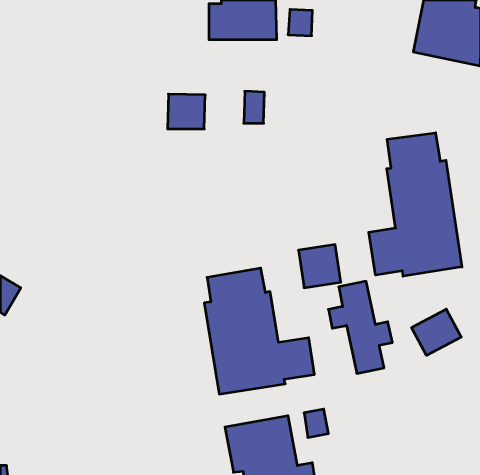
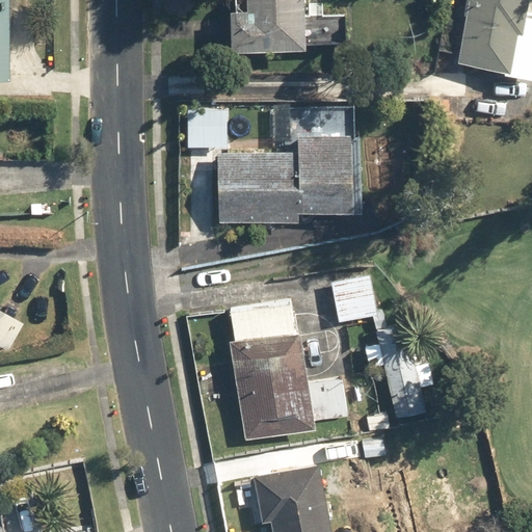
building: none -> [219,110,356,222]
building: [369,133,462,276] -> none
building: [412,309,461,355] -> none

